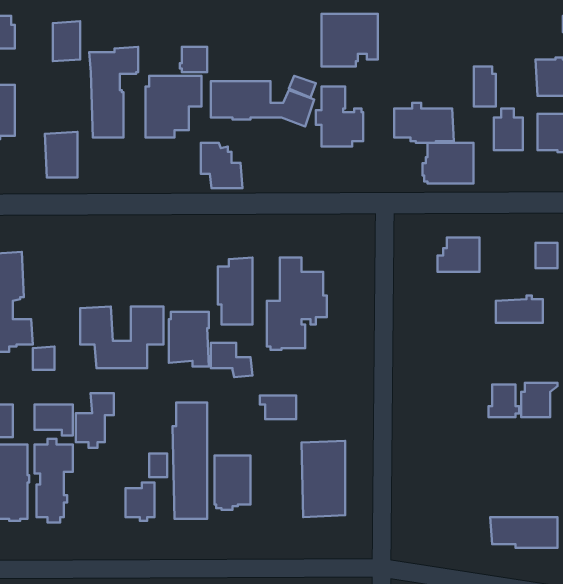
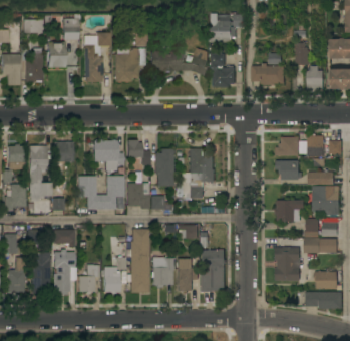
building: [45,132,78,177] -> [46,42,64,67]
building: [201,143,242,188] -> [127,140,150,165]
building: [422,143,473,183] -> none
building: none -> [307,136,325,166]
building: none -> [93,139,123,170]
building: none -> [54,141,73,168]
building: none -> [276,160,302,180]
building: none -> [313,187,340,215]
building: none -> [275,200,305,222]
building: [76,393,114,448] -> [78,265,99,295]
building: none -> [304,238,337,253]
building: none -> [275,247,301,281]
building: none -> [178,259,198,291]
building: none -> [315,272,337,289]

